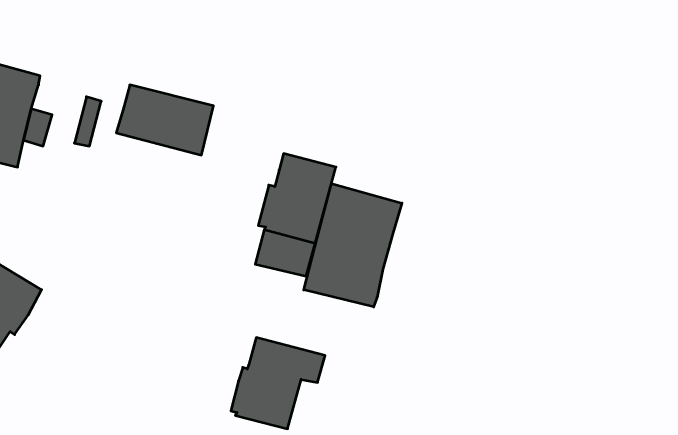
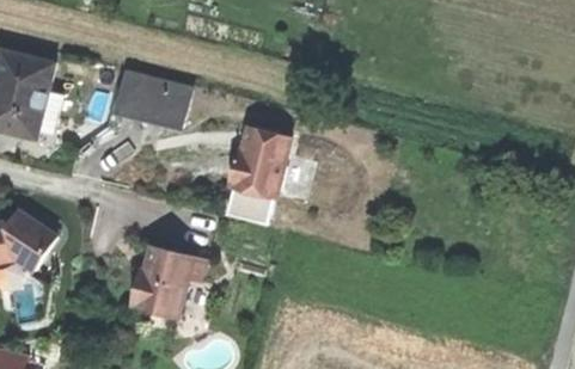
building: [304,184,402,307] -> none
building: [231,338,325,429] -> [130,245,206,318]

